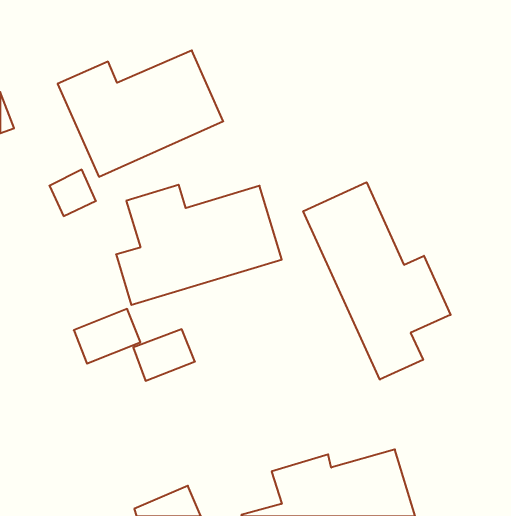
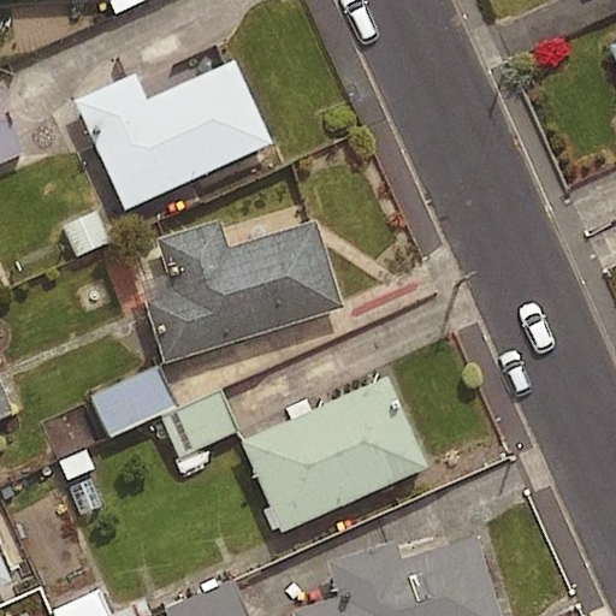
building: [303,182,451,380] -> none
building: none -> [241,377,427,533]

